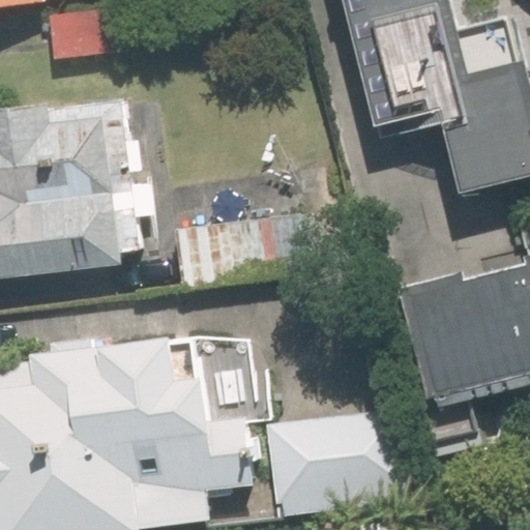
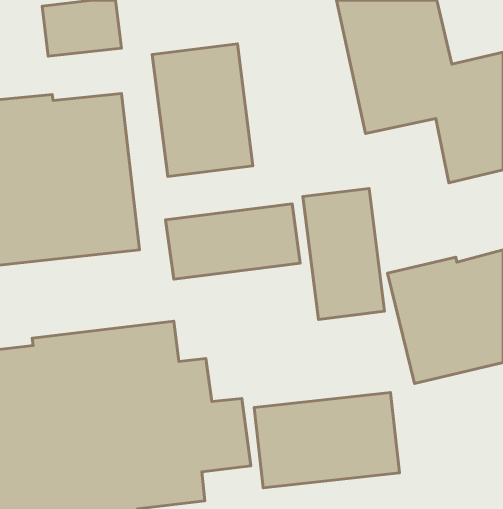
building: none -> [152,44,253,177]
building: none -> [303,188,385,319]

